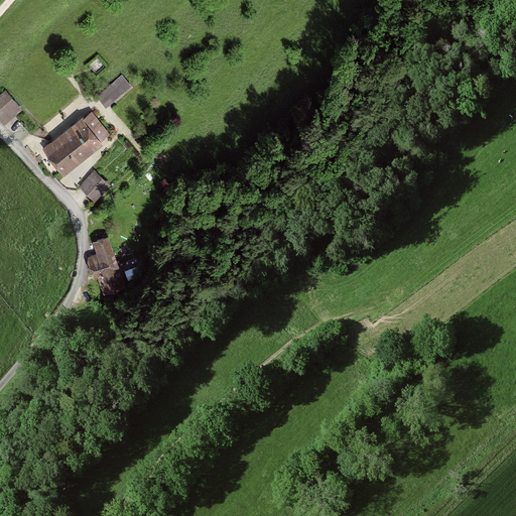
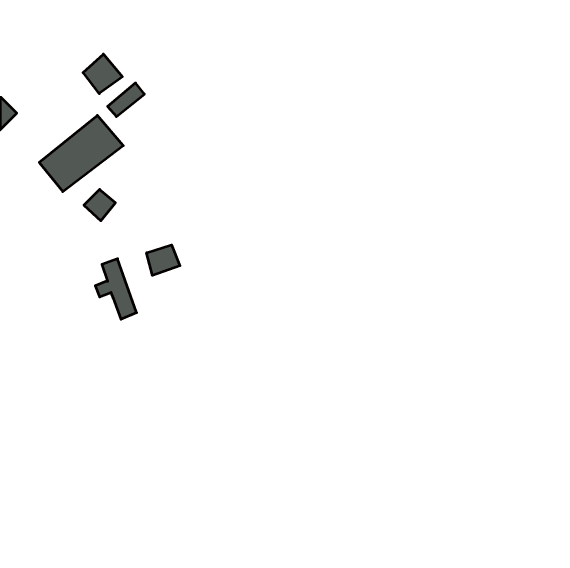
building: none -> [83,54,122,94]
building: none -> [147,245,180,275]

